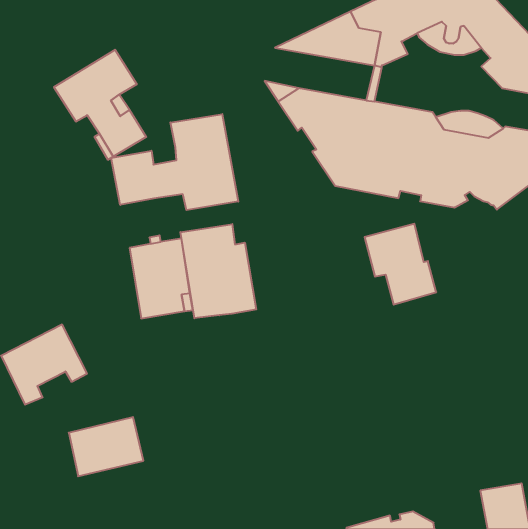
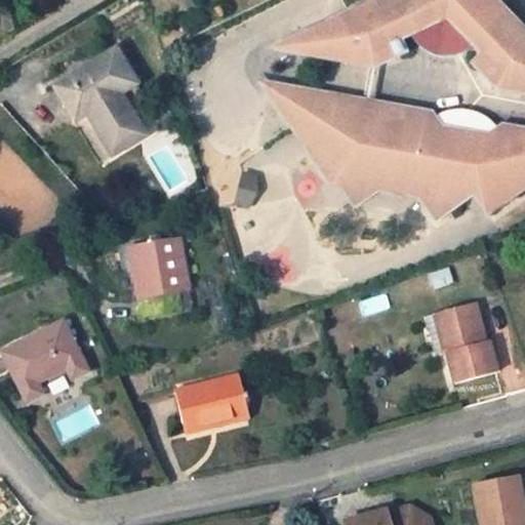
building: [111,114,238,210] -> none
building: [365,224,436,305] -> [428,302,498,382]
building: [180,224,256,318] -> none
building: [69,417,143,476] -> [176,373,250,432]

